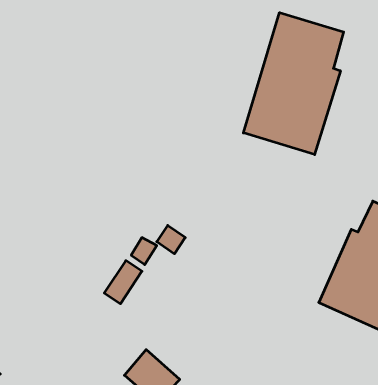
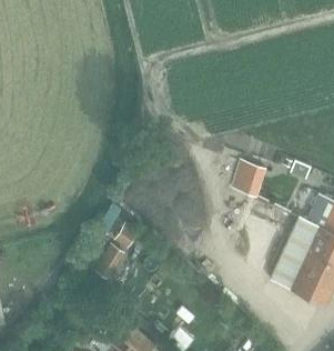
building: [243,13,344,155] -> none
building: none -> [236,162,266,195]

